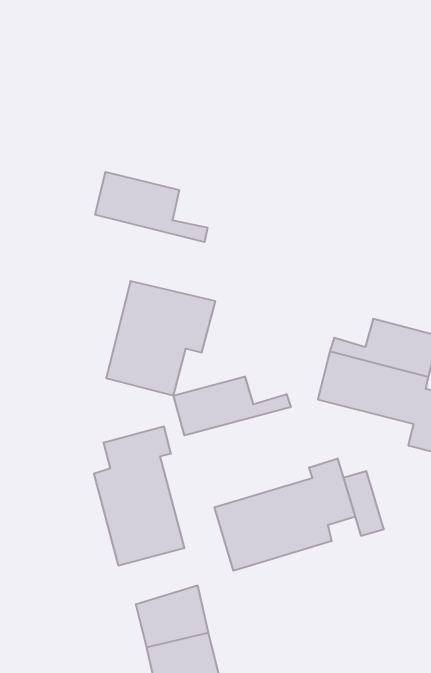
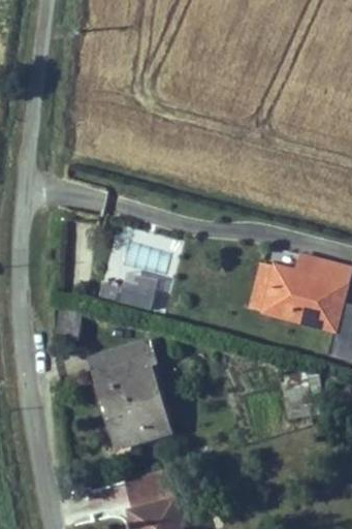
building: [95,172,208,242] -> none
building: [174,376,291,435] -> none
building: [214,458,355,571] -> none

